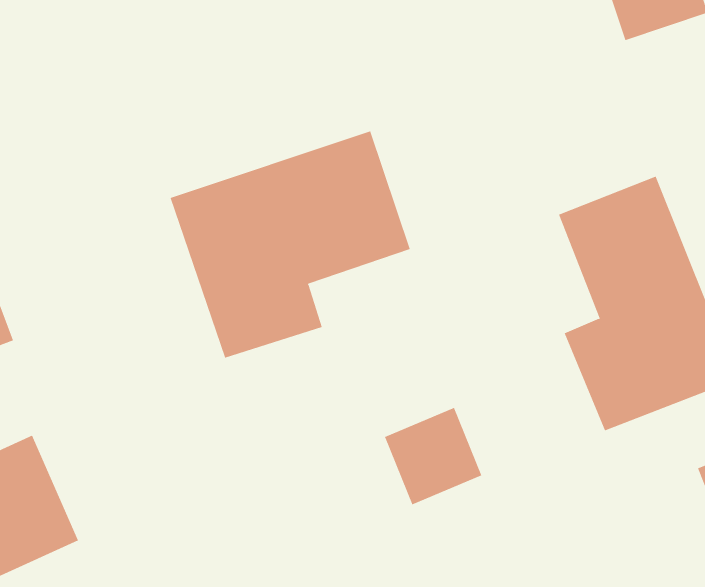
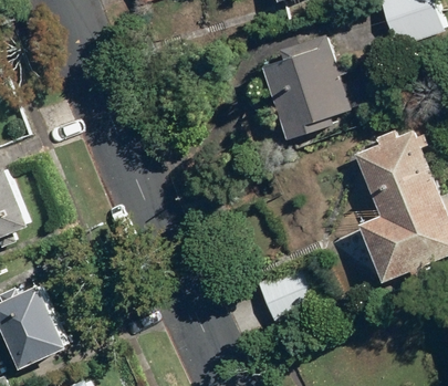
building: none -> [259,35,348,140]
building: [170,131,410,358] -> none

